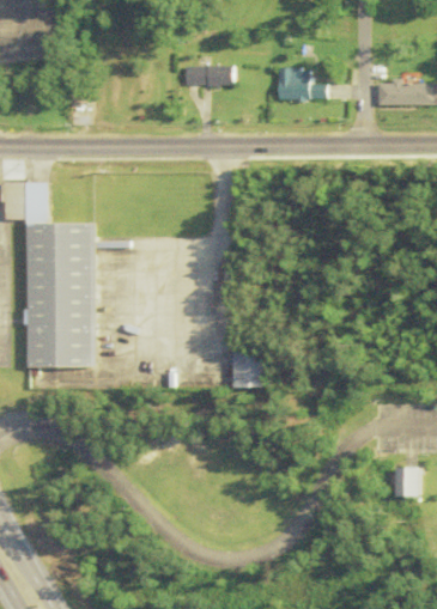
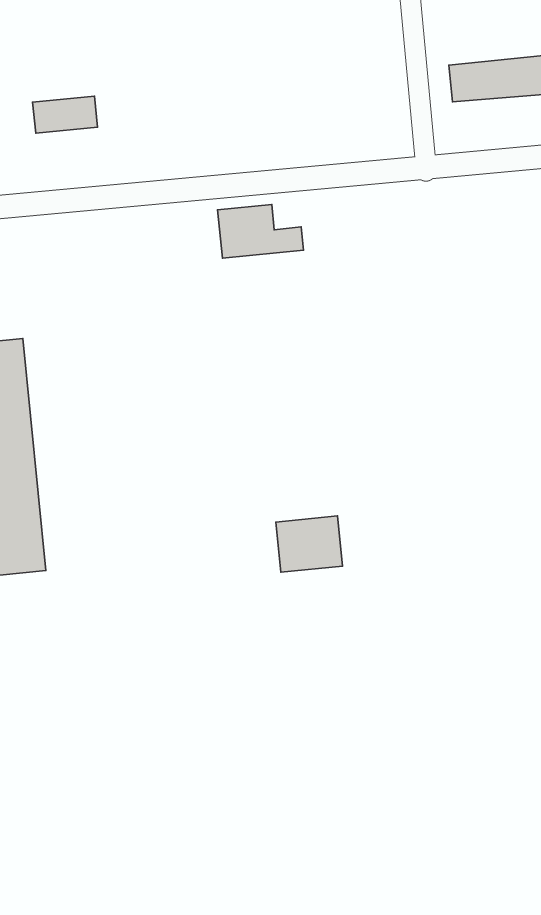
building: [190,66,229,85] -> [33,96,98,133]
building: [271,68,321,98] -> [218,205,304,258]

